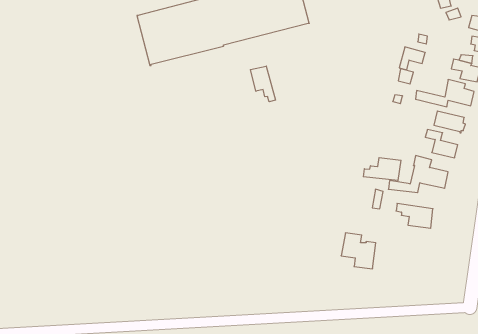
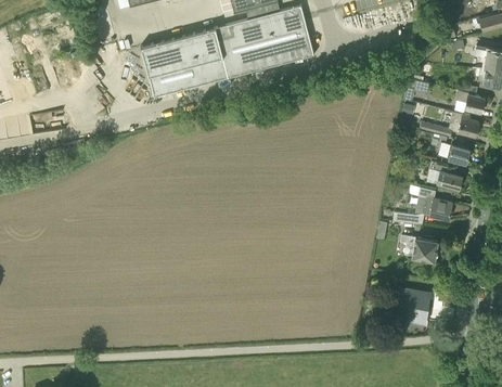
building: [250,66,275,102] -> none
building: [363,158,401,181] -> none
building: [341,233,376,269] -> [395,288,429,324]

